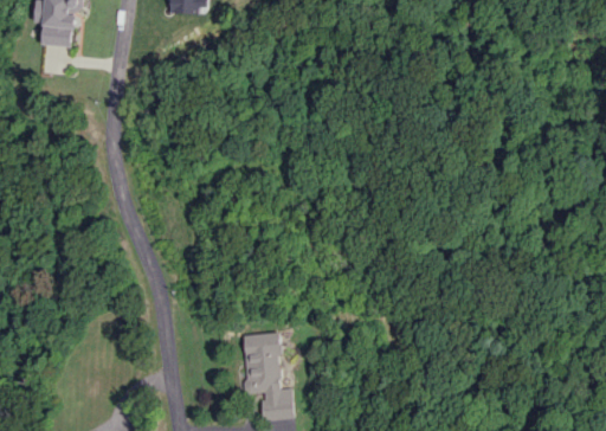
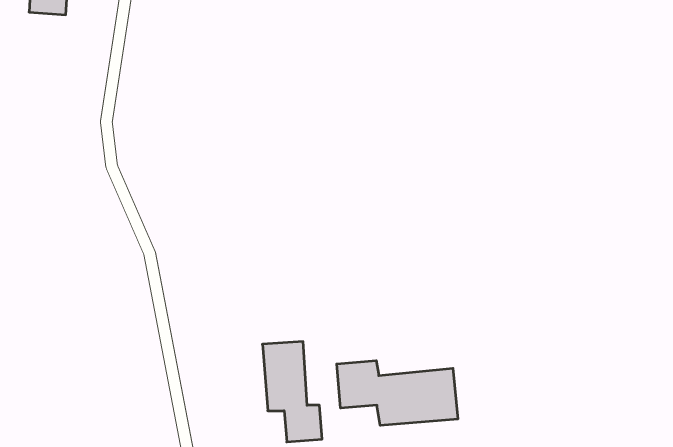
building: none -> [337,361,458,425]

